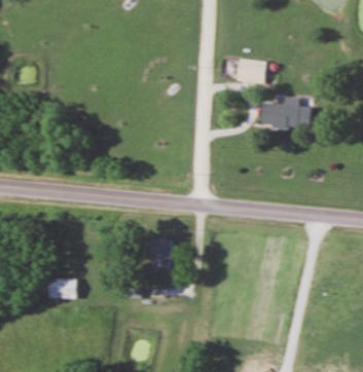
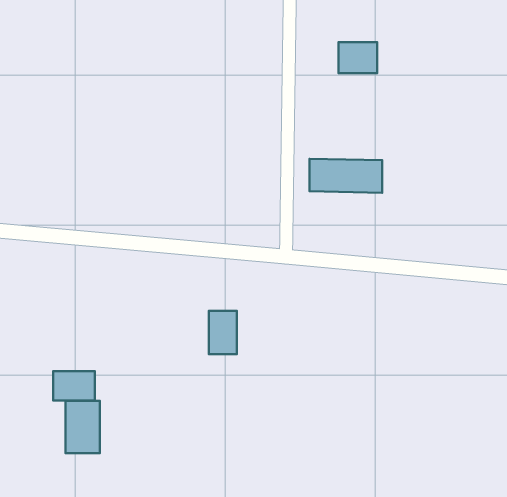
building: [261,104,310,126] -> [310,159,382,193]
building: none -> [66,401,100,453]

